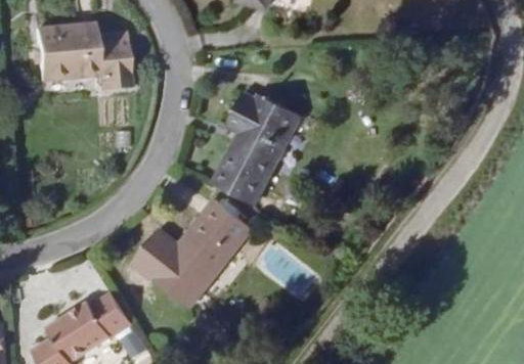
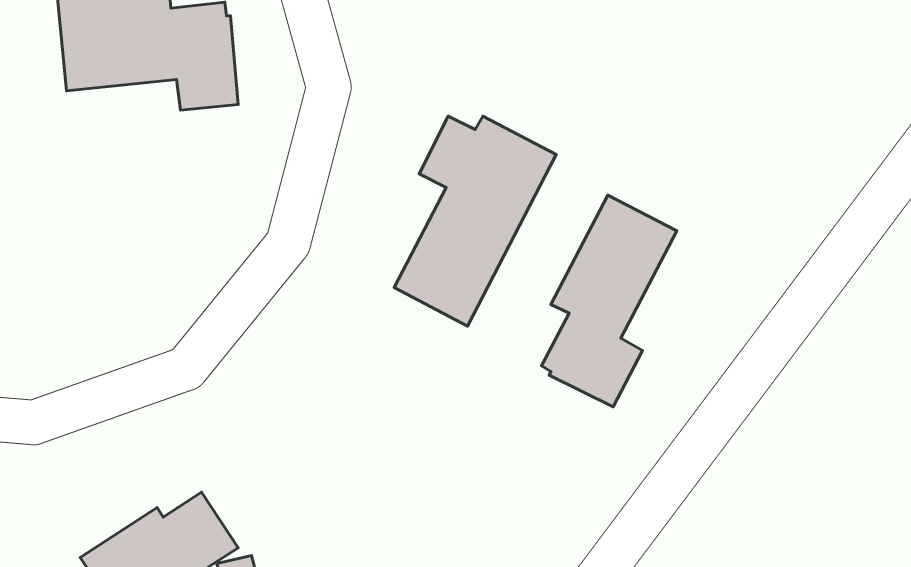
building: none -> [542,195,677,407]
building: [131,200,251,308] -> none

